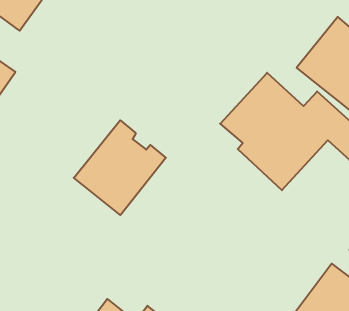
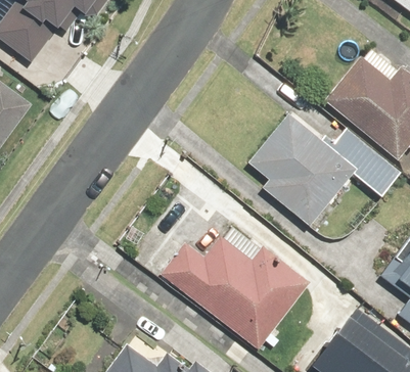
building: [74,120,166,215] -> none
building: none -> [165,233,310,350]

